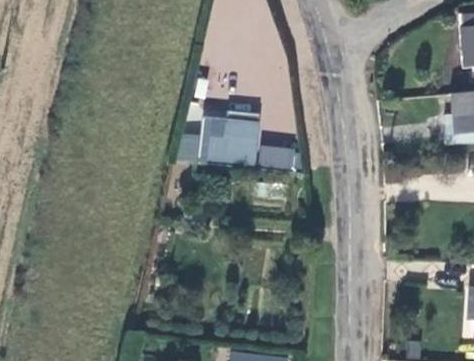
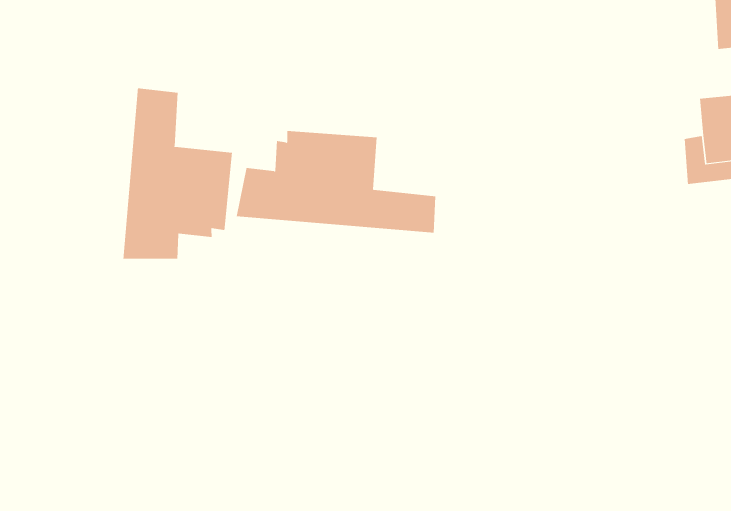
building: none -> [123,87,232,260]

